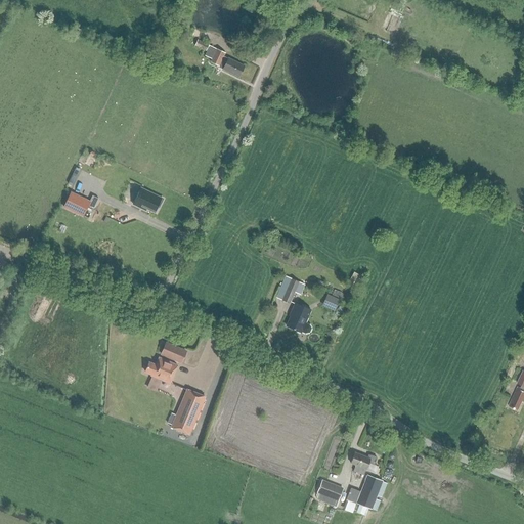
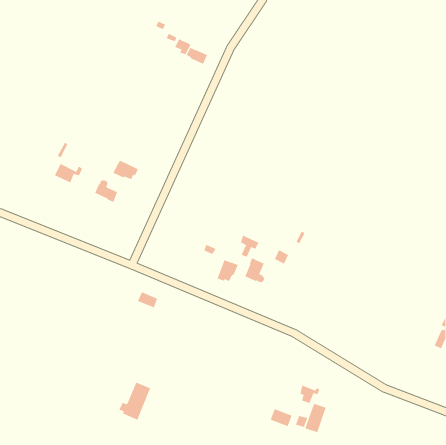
building: none -> [94,179,118,203]
building: none -> [217,259,238,282]
building: [145,357,177,383] -> none
building: [167,389,205,434] -> [119,382,151,420]

